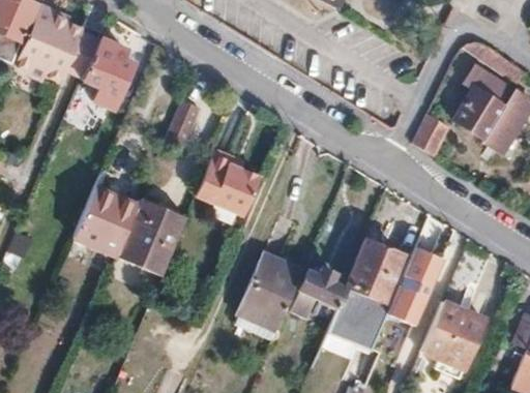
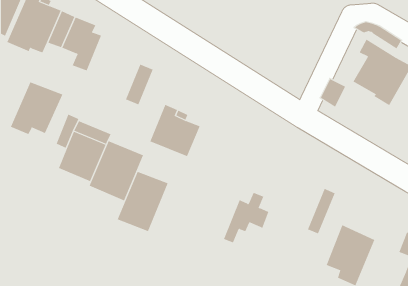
building: none -> [10,81,63,135]
building: [329,242,403,351] -> none
building: [238,253,304,331] -> [117,171,169,232]

